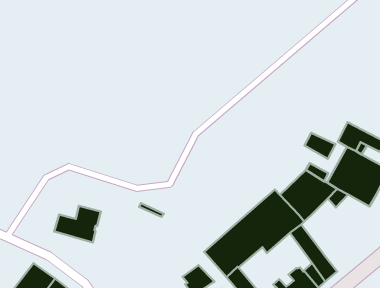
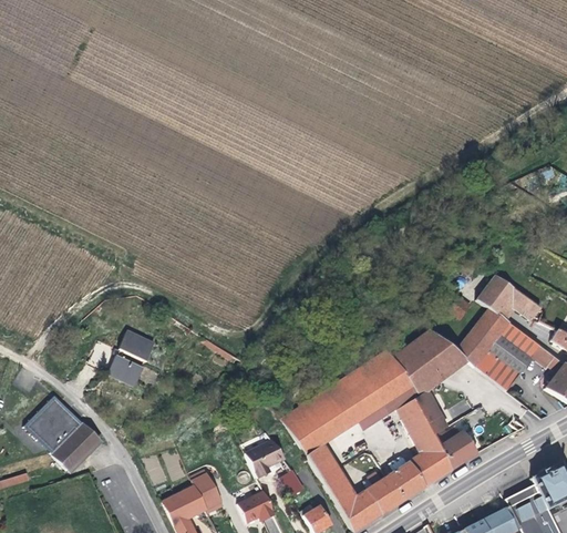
building: none -> [414,390,450,437]
building: none -> [439,430,477,469]

